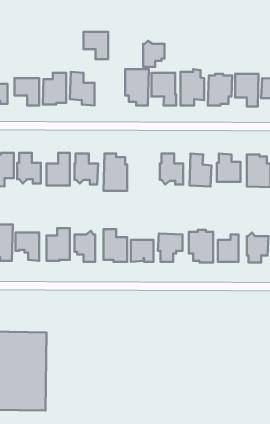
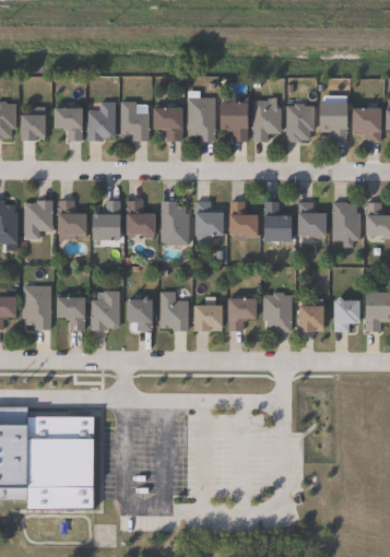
building: [84,32,108,59] -> [152,109,181,142]
building: [143,41,164,67] -> none
building: none -> [193,200,223,234]

